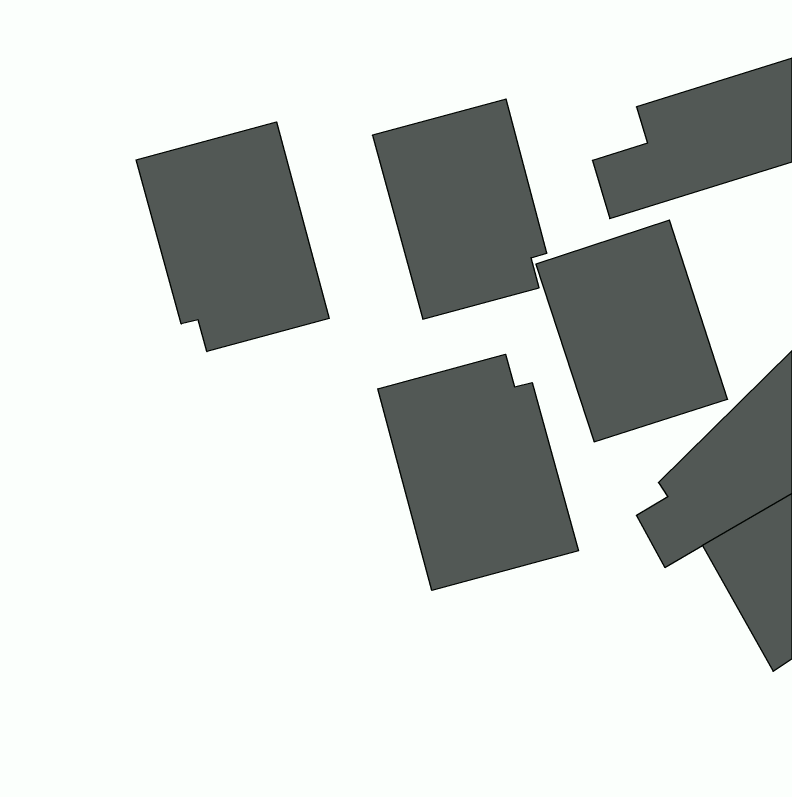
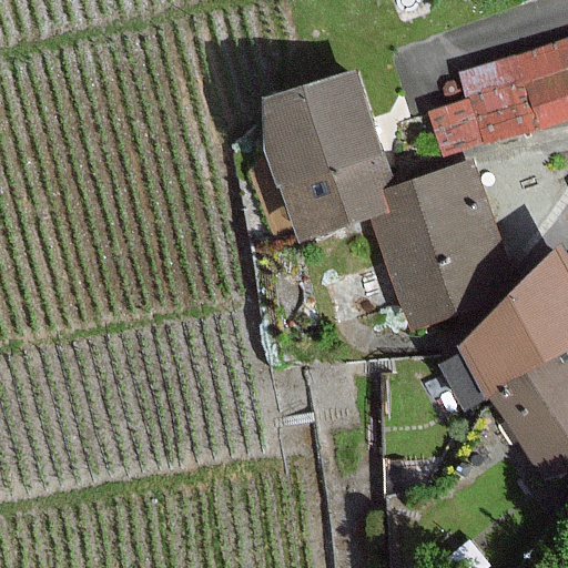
building: [136,122,329,352] -> none
building: [378,354,578,590] -> none

